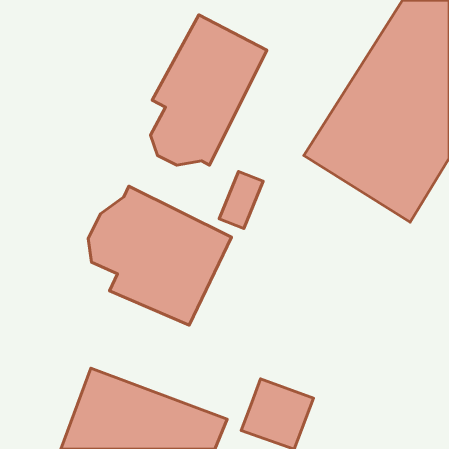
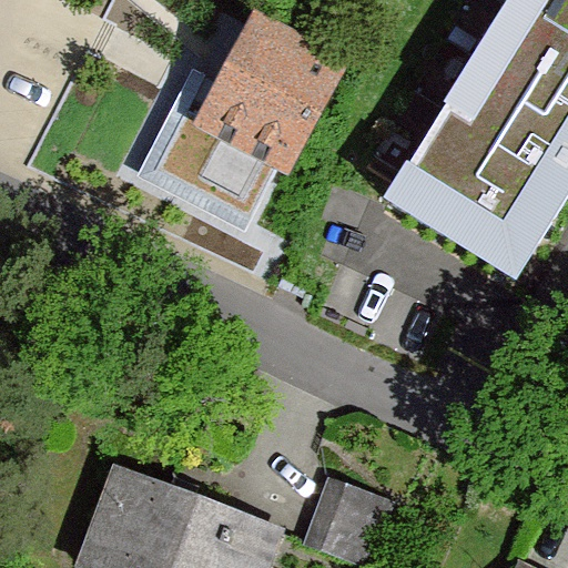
building: [88,186,232,325] -> none

